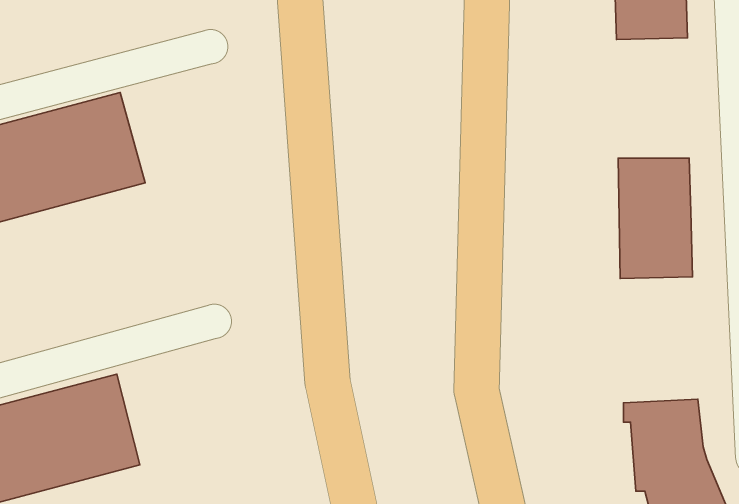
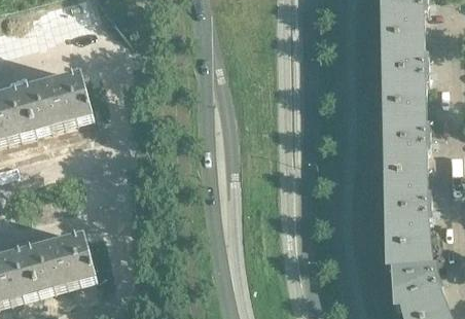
building: none -> [381,30,423,100]
building: none -> [383,169,428,242]

